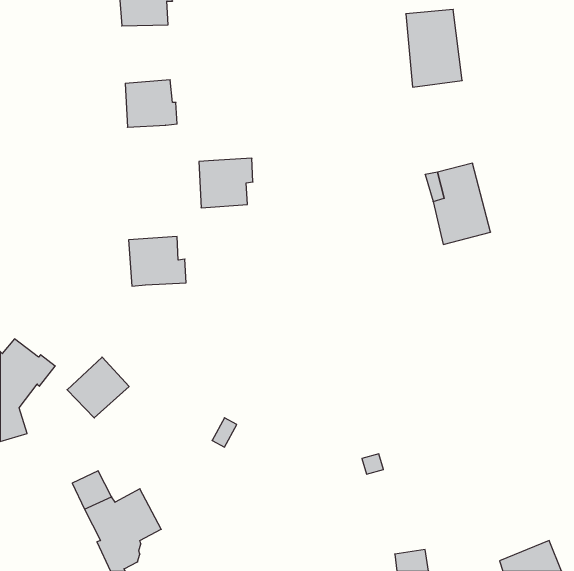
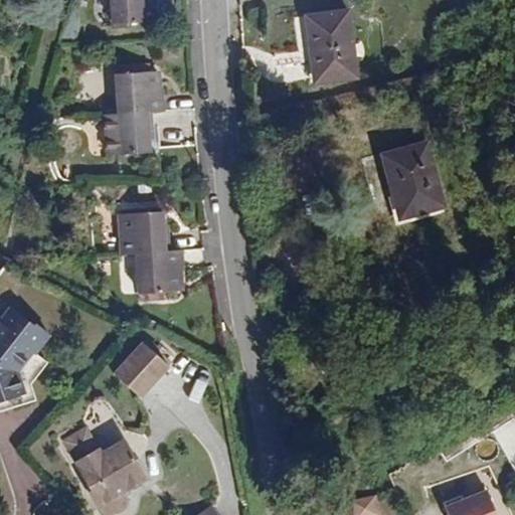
building: [406,9,462,87] -> [305,14,355,83]
building: [199,158,253,208] -> [103,112,151,156]
building: none -> [132,252,181,294]
building: [67,357,129,418] -> [122,351,177,405]

